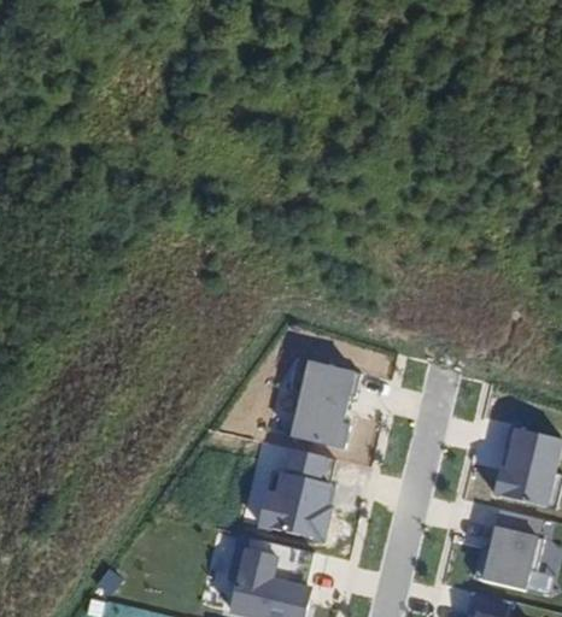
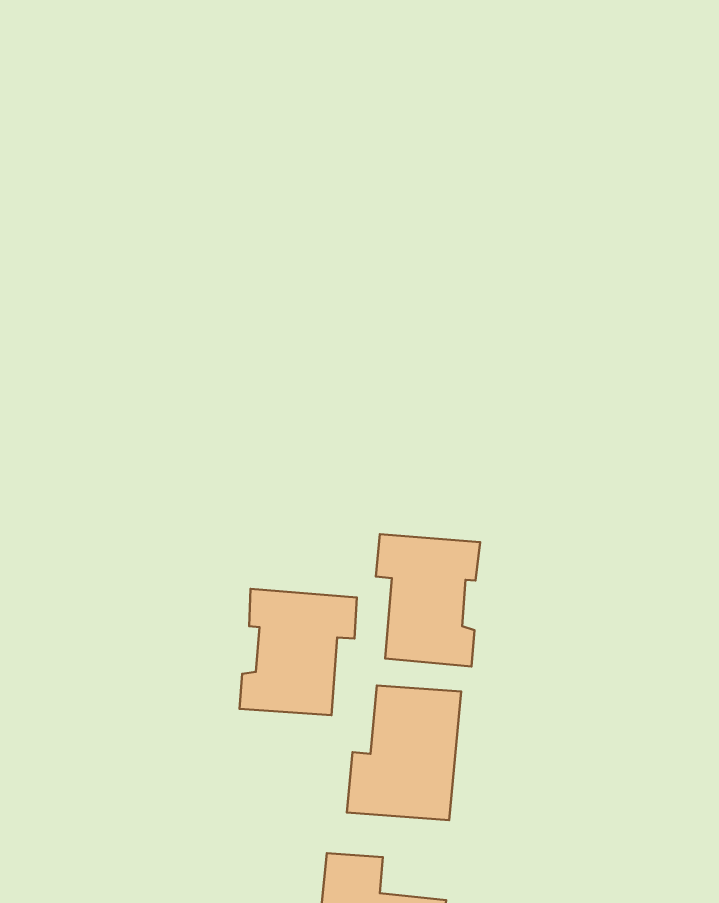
building: none -> [240,589,357,715]

